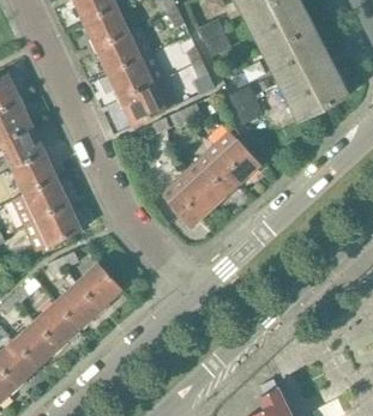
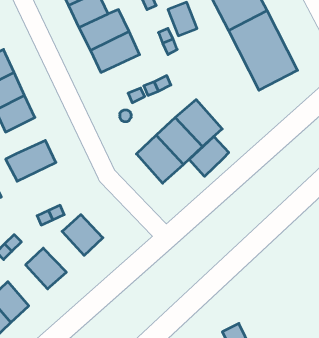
building: [120,80,176,127] -> none
building: [228,86,261,126] -> none
building: [11,152,56,194] -> none
building: none -> [189,136,229,176]
building: [24,204,82,253] -> none
building: [54,283,101,330] -> none
building: [13,321,59,368] -> none

